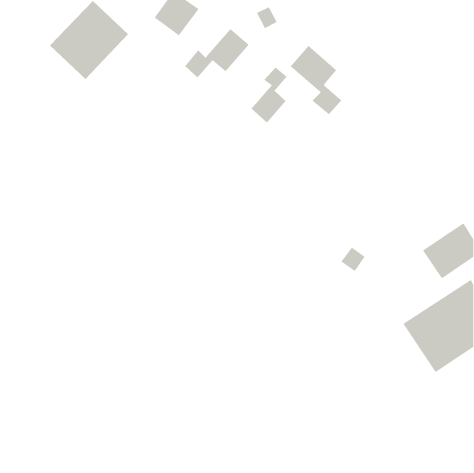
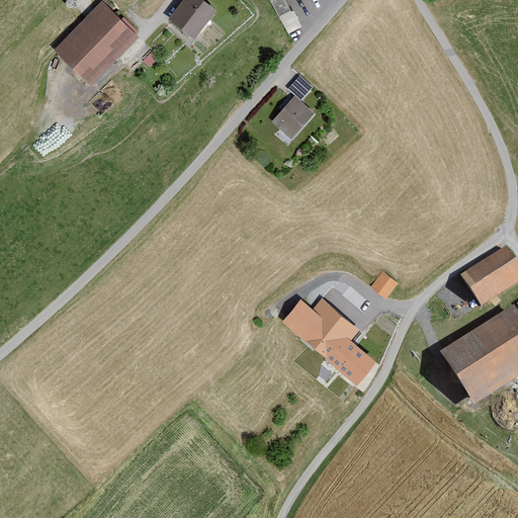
building: [184,28,250,78] -> none
building: [290,45,342,115] -> none
building: none -> [281,297,374,382]

